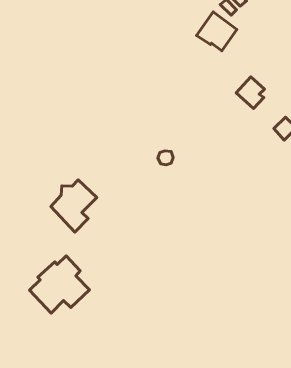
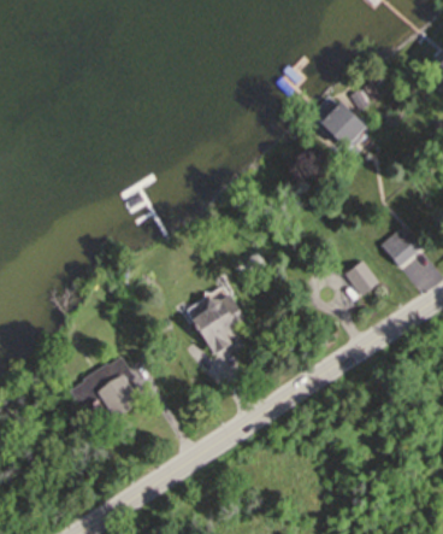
building: [236,77,264,109] -> [348,254,382,292]
building: [51,180,97,232] -> [190,293,246,353]

